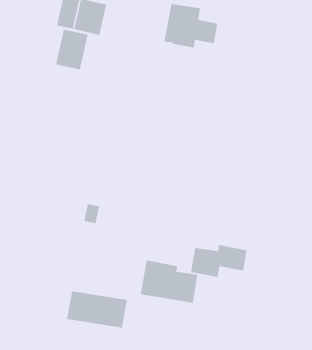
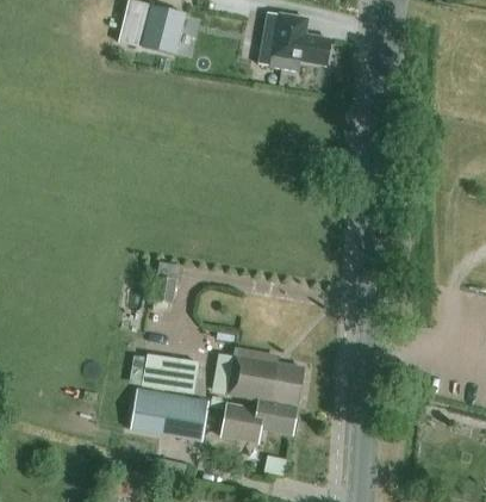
building: [55,29,89,70] -> none
building: [190,244,247,278] -> [222,399,297,444]
building: none -> [142,354,198,393]

